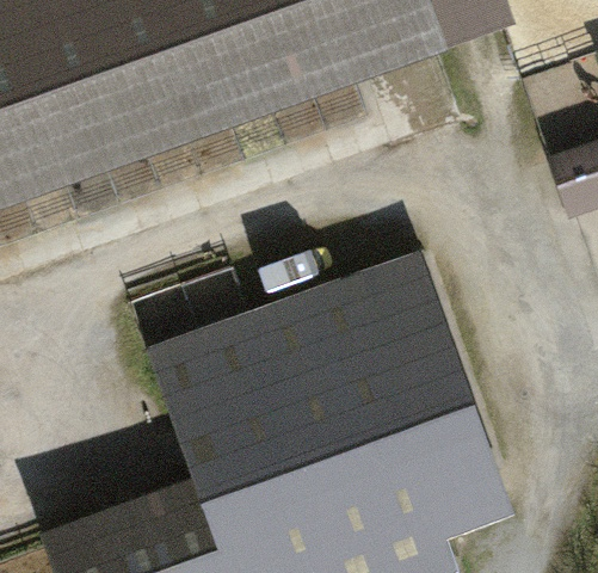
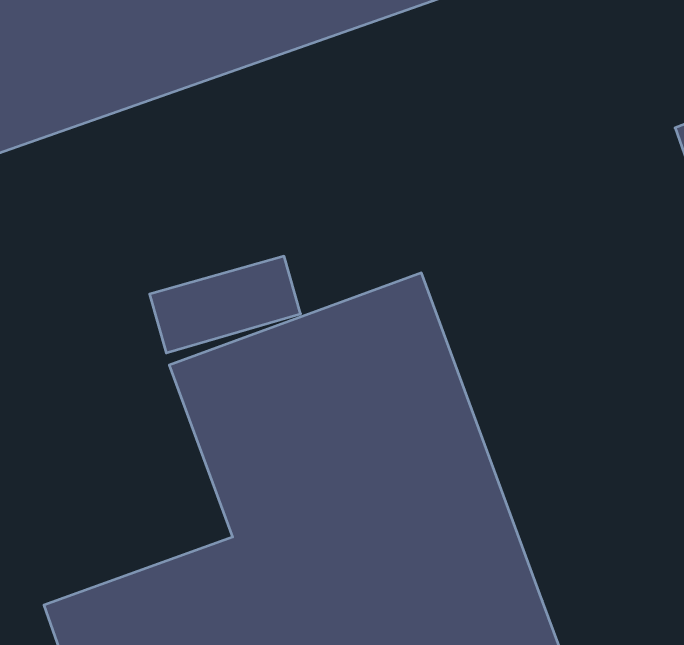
building: [350,251,510,534] -> none

